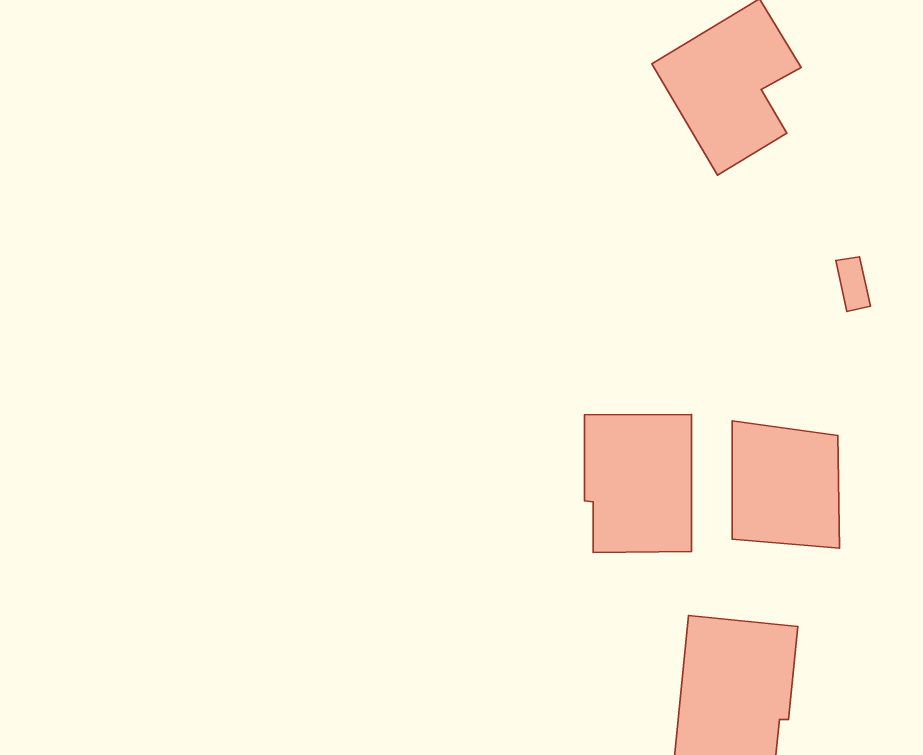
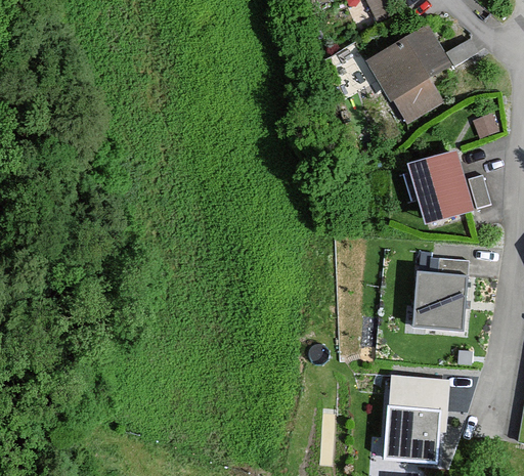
building: none -> [411,150,476,225]
building: [584,415,692,552] -> none

